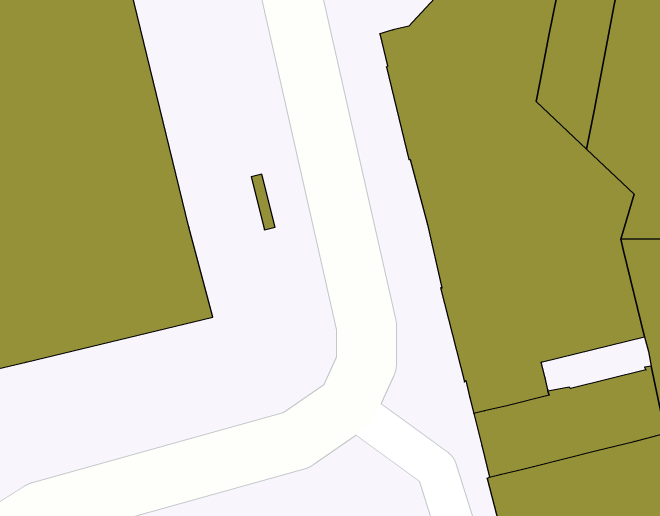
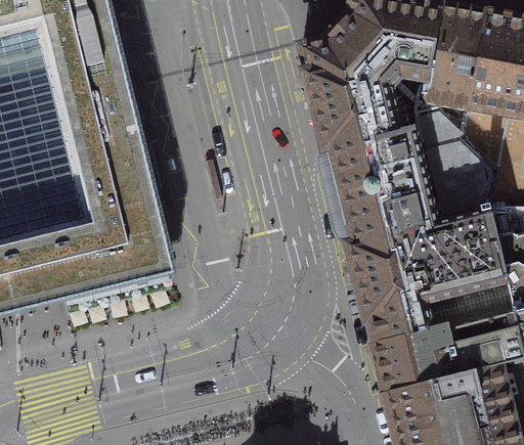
building: none -> [425,283,510,325]

